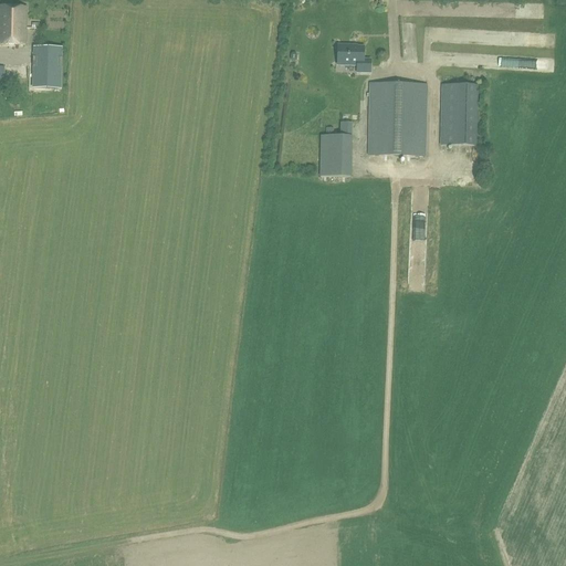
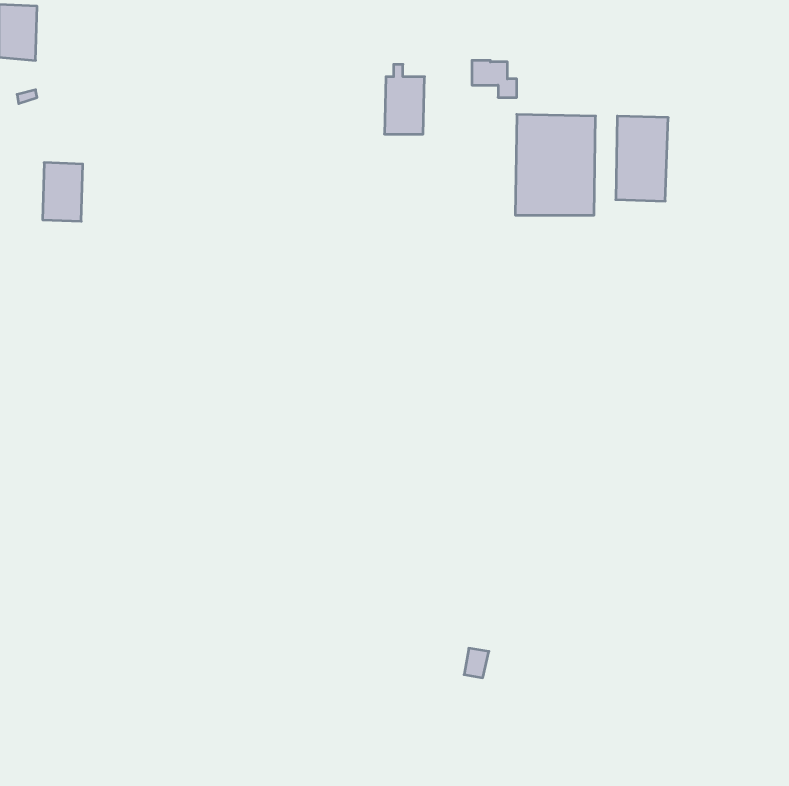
building: [31,44,60,86] -> [43,163,83,221]
building: [319,125,348,175] -> [384,64,425,134]

